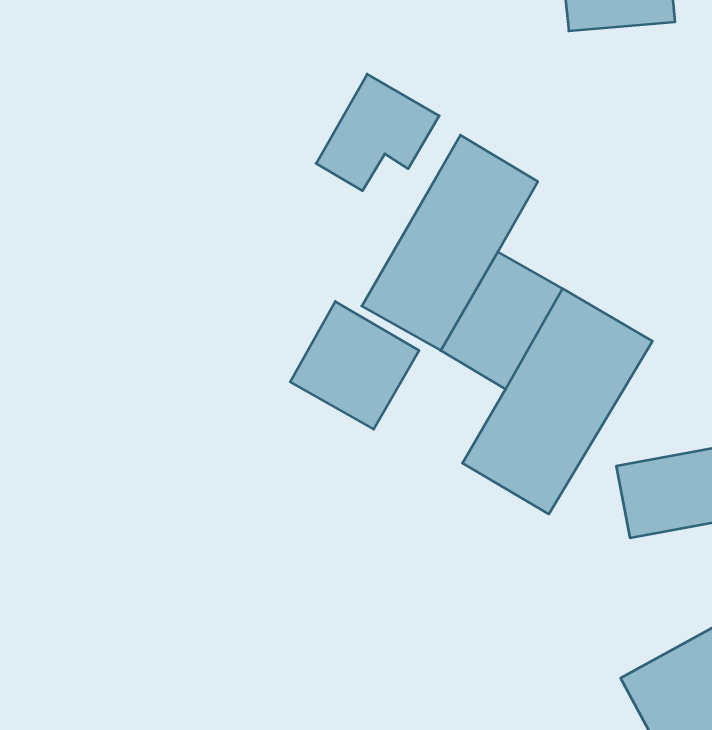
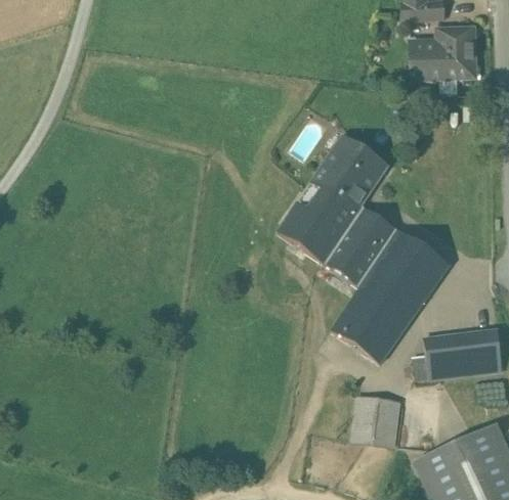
building: [316,74,439,191] -> none
building: [290,301,419,429] -> none
building: none -> [353,396,400,445]

